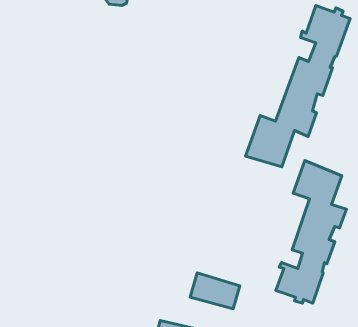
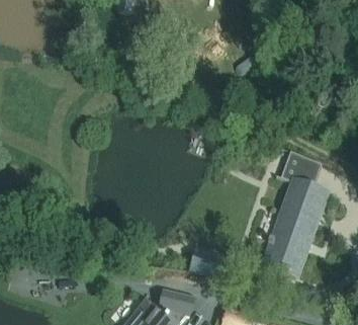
building: [246,5,350,167] -> none

